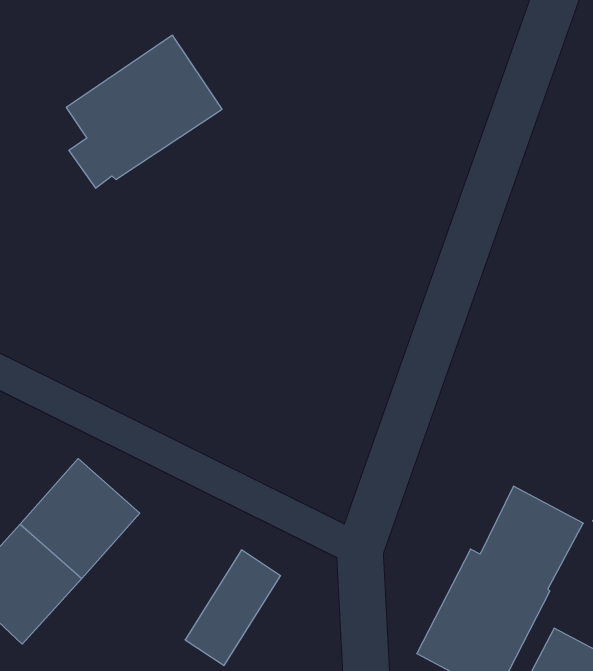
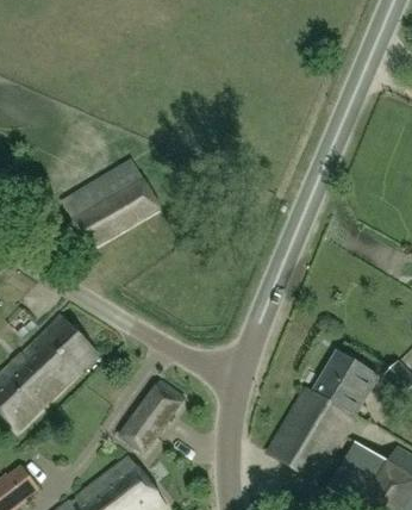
building: [66,35,222,188] -> [62,158,161,253]

